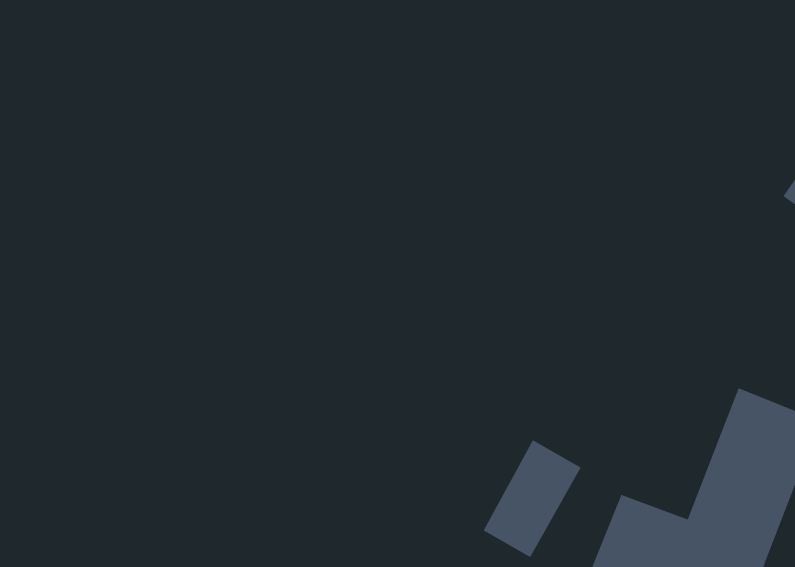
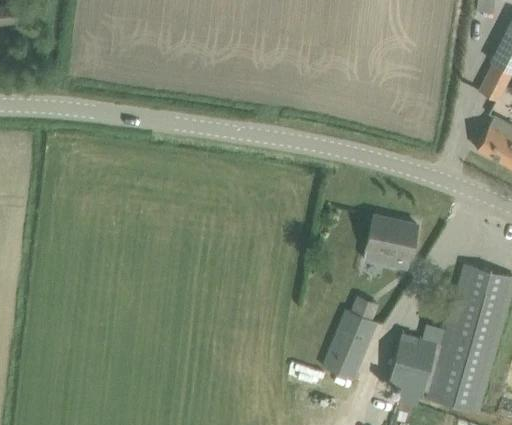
building: none -> [365,215,418,269]

